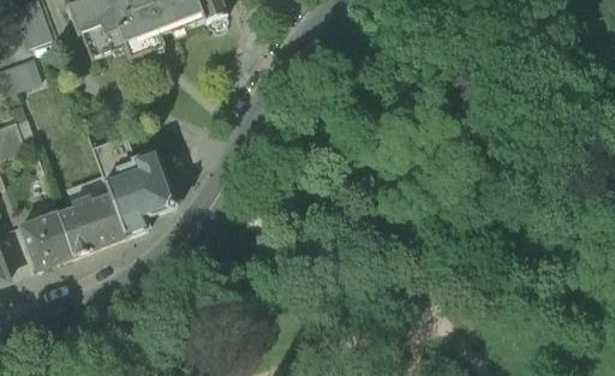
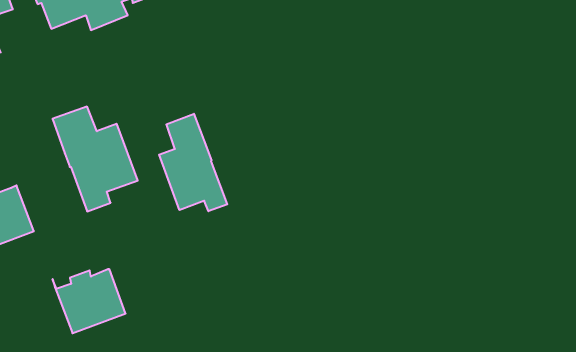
building: none -> [159,114,227,211]
building: [53,190,124,252] -> [53,269,126,333]

